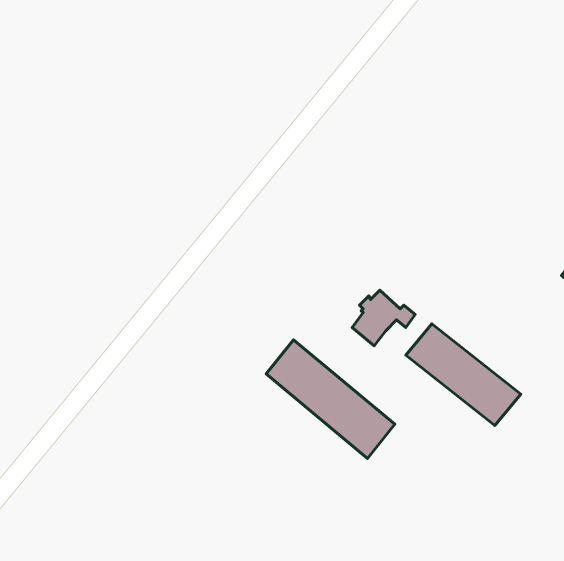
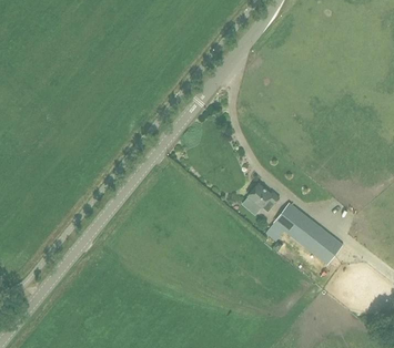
building: [266,340,395,459] -> none

